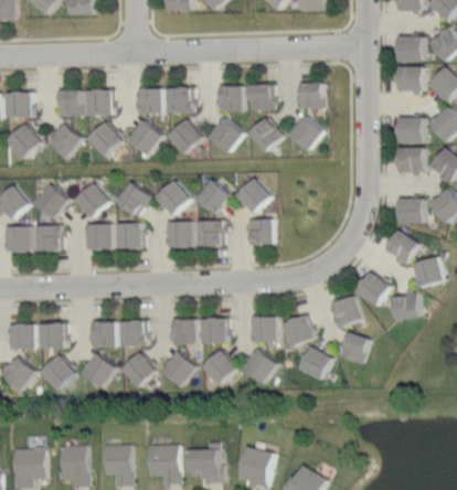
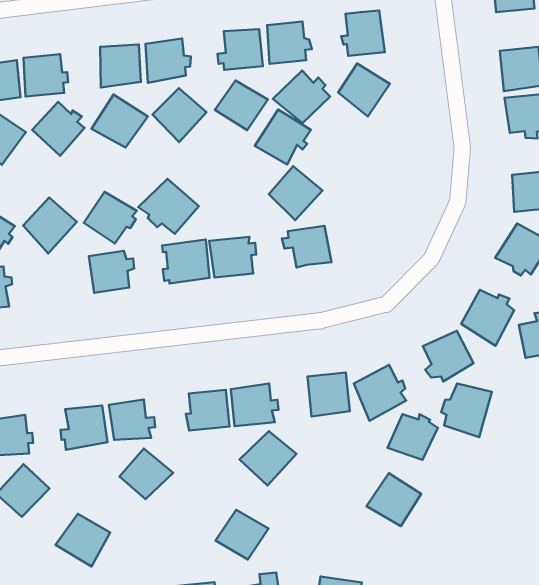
building: [194,178,232,214] -> [255,110,311,164]
building: [83,223,111,248] -> none
building: [241,348,277,383] -> [367,473,421,526]
building: [161,351,196,384] -> [215,510,268,559]
building: [79,352,116,387] -> [55,514,110,566]

